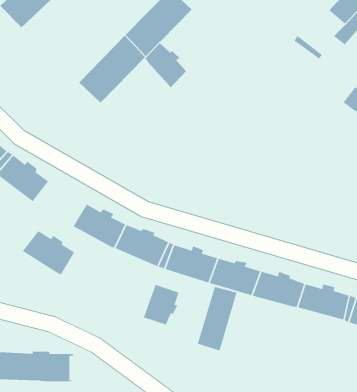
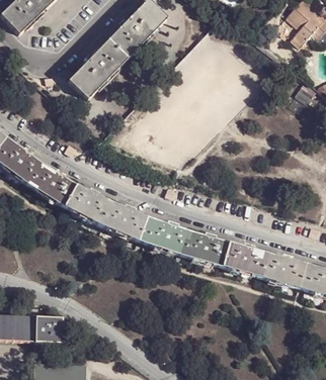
building: [144,43,187,88] -> none
building: [22,230,75,275] -> [29,166,76,205]
building: [143,284,180,326] -> none
building: [197,286,238,351] -> none

